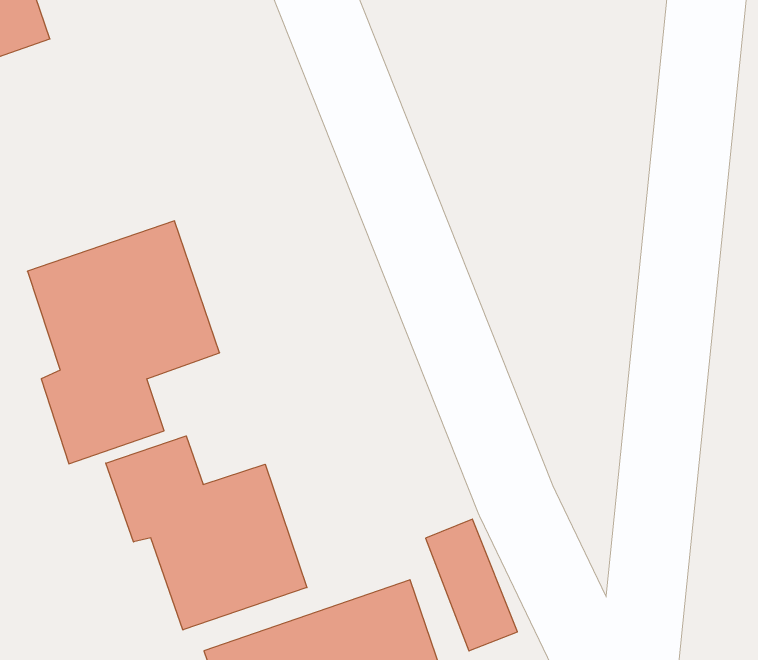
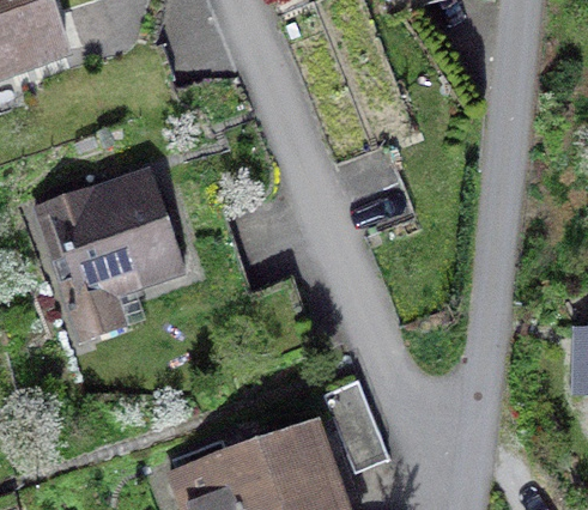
building: [106,436,307,630] -> none

